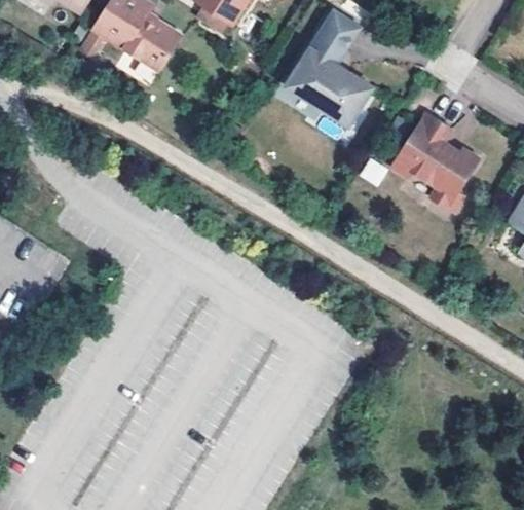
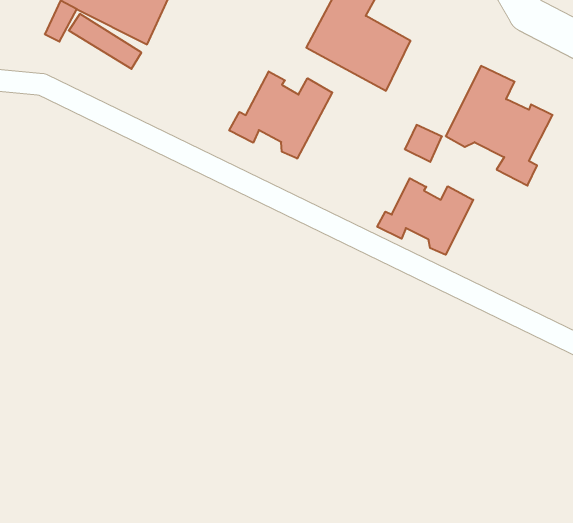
building: none -> [229,71,332,159]
building: none -> [377,178,473,255]

